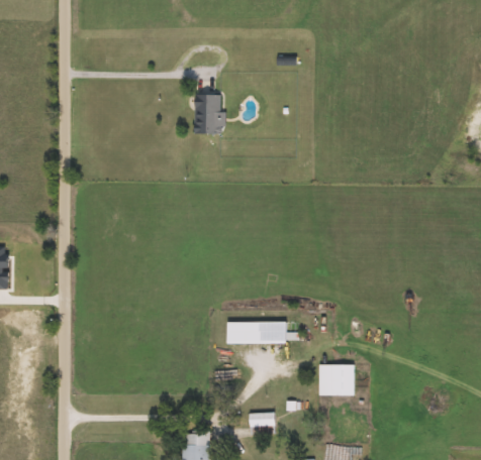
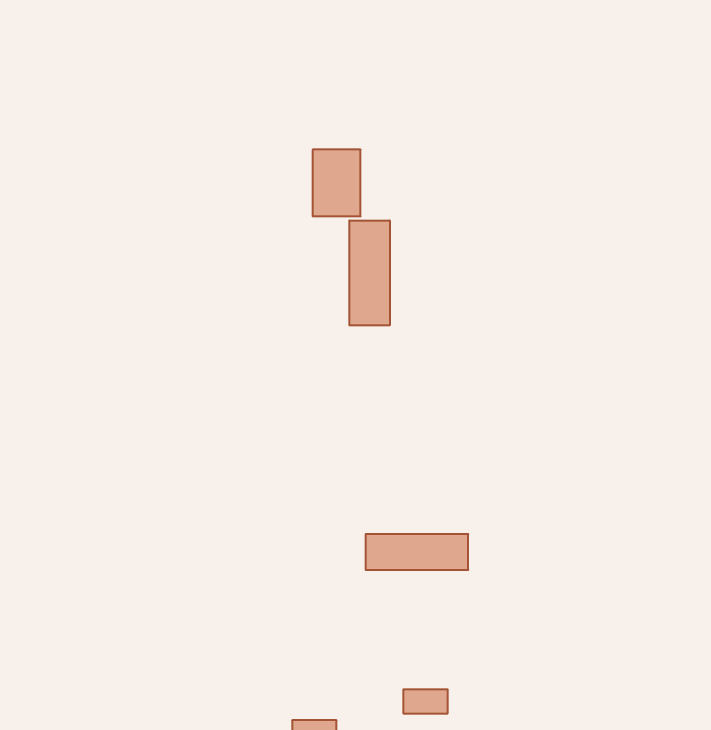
building: none -> [349,220,390,325]
building: [319,364,354,394] -> none

